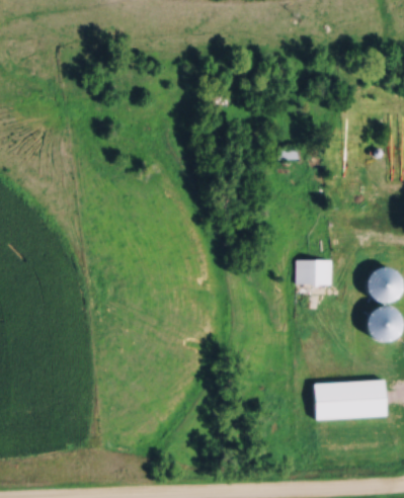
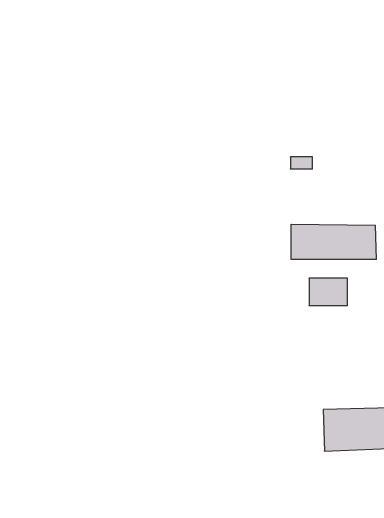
building: none -> [291,224,376,259]

